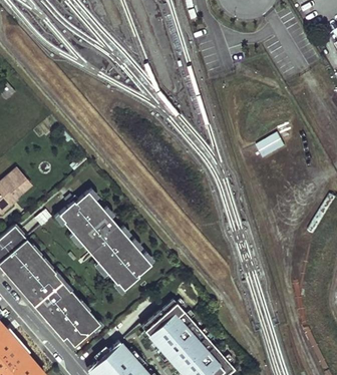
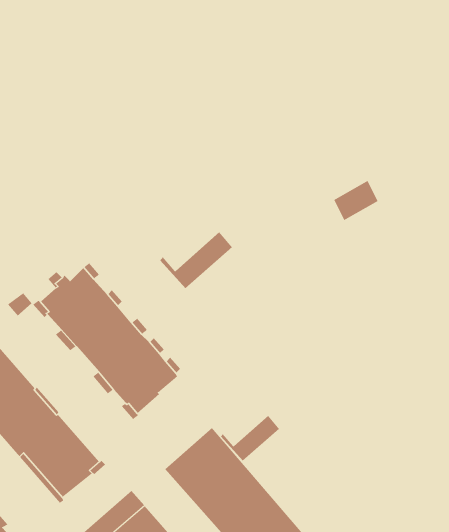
building: none -> [159,231,233,289]
building: none -> [220,415,280,462]

